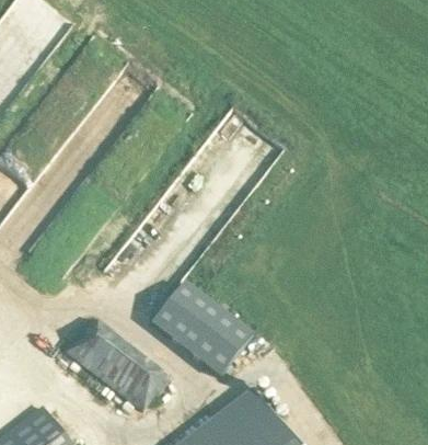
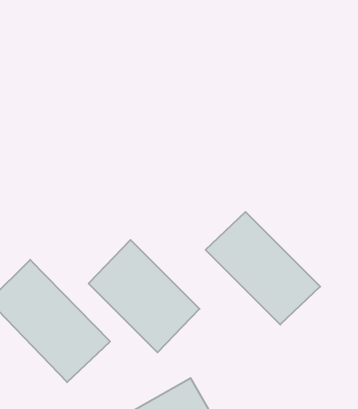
building: none -> [206,212,320,325]

